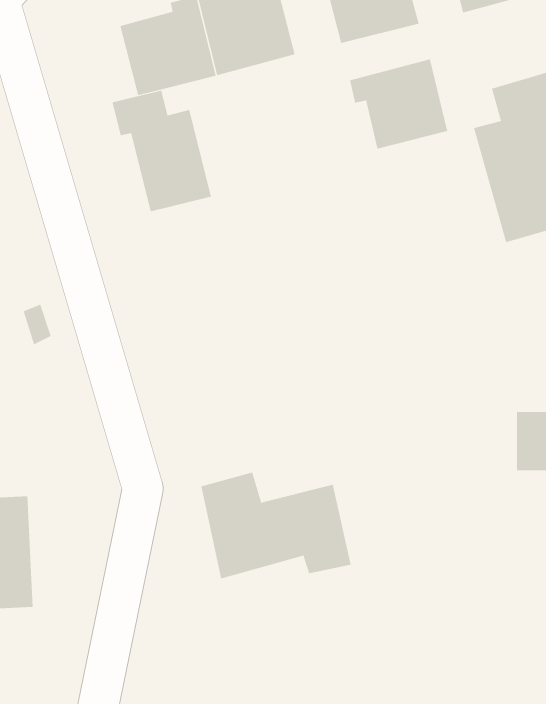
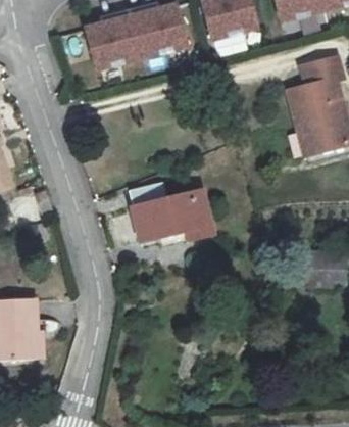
building: [349,58,448,150] -> none
building: [112,90,211,212] -> none
building: [201,472,351,579] -> [129,180,214,241]

